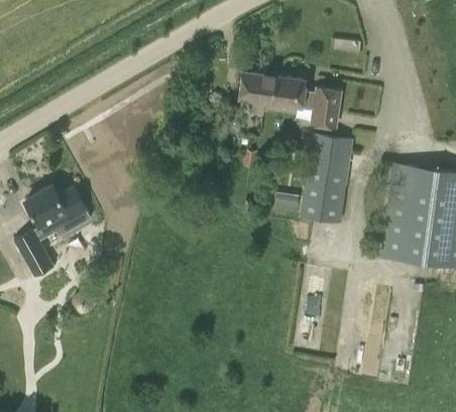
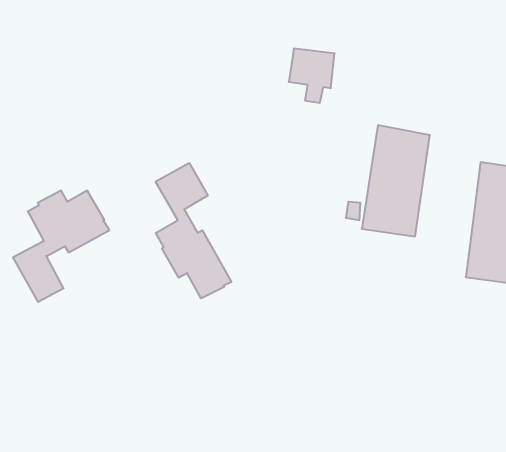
building: [272,76,340,128] -> none
building: none -> [156,163,231,298]

